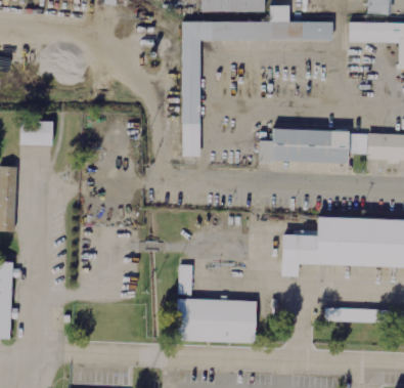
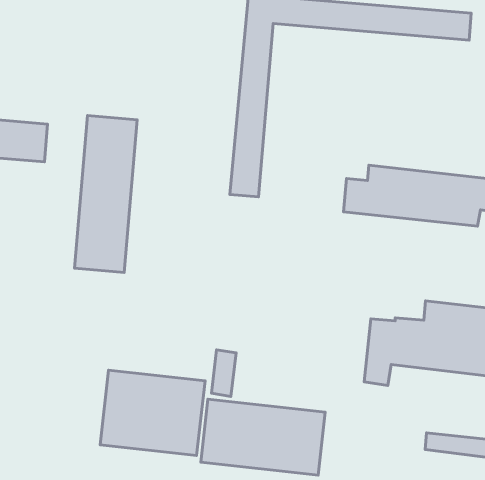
building: none -> [74,115,137,273]
building: none -> [100,370,205,456]

